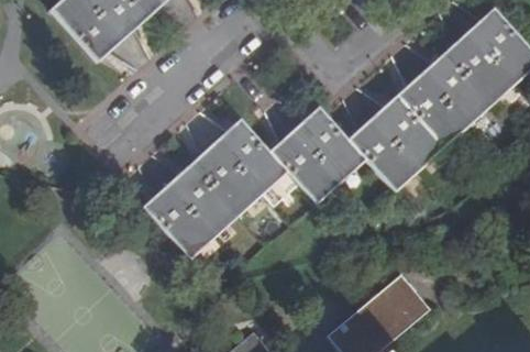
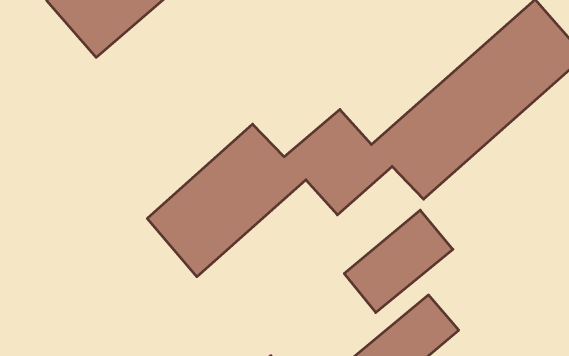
building: none -> [344,210,453,313]

